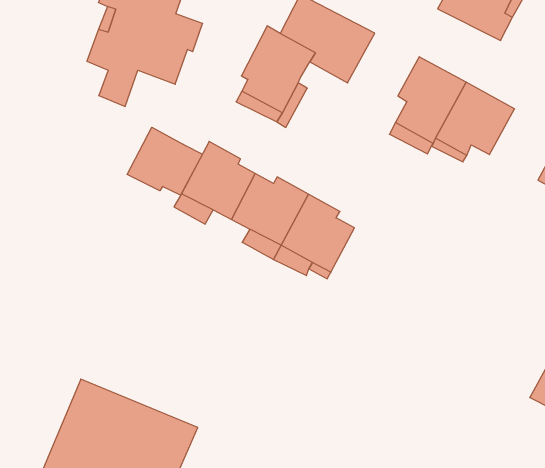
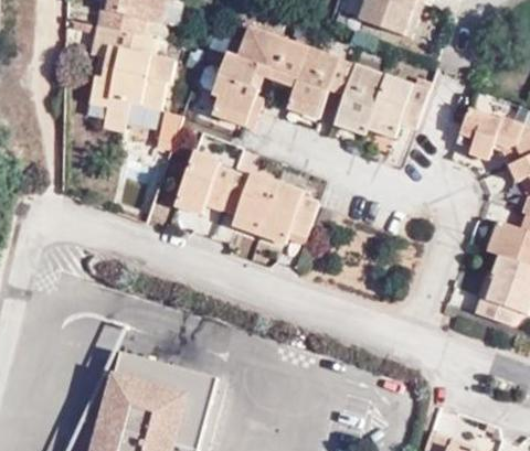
building: none -> [288,46,348,118]
building: [127,127,202,195] -> none

